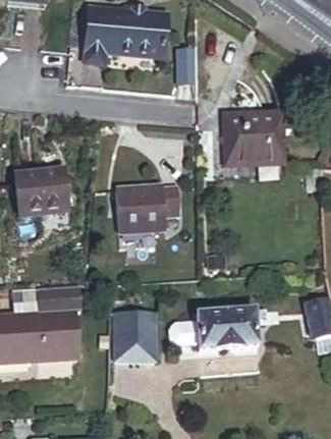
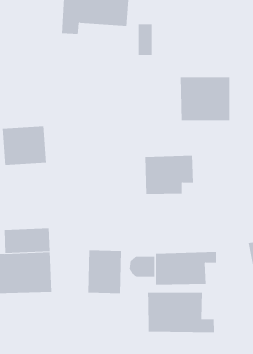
building: [119,186,176,232] -> [144,155,194,195]
building: none -> [148,292,214,333]

